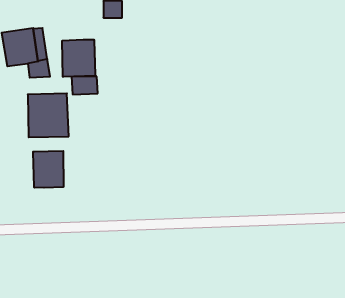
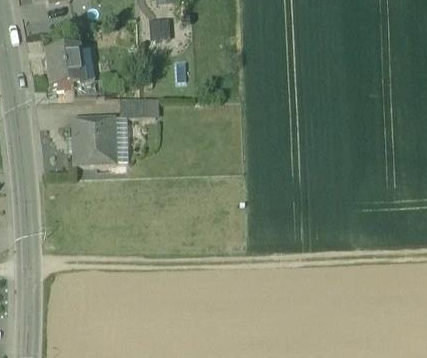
building: [62,40,96,77] -> none
building: [33,151,63,188] -> none

